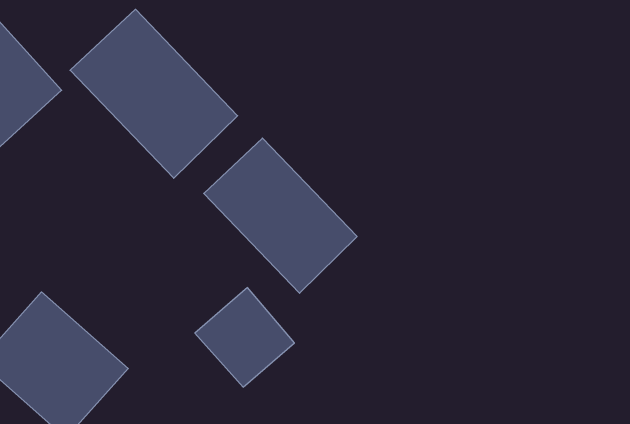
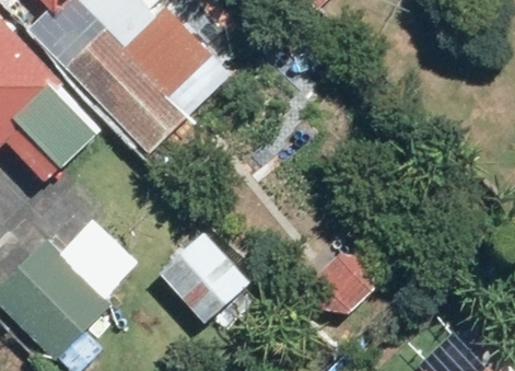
building: [204,138,357,293] -> none

